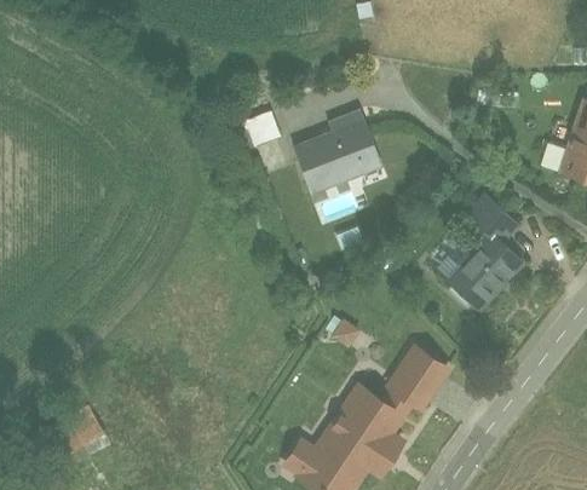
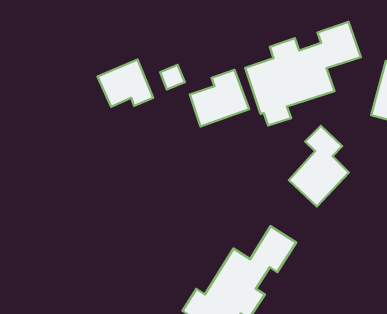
building: none -> [245,22,361,126]
building: none -> [97,59,153,107]

